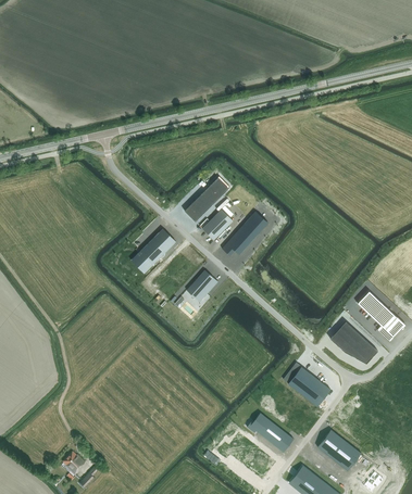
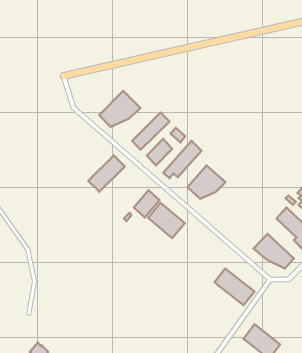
building: none -> [99,91,140,127]
building: none -> [187,166,226,199]
building: none -> [148,203,185,238]
building: [247,413,294,452] -> none

